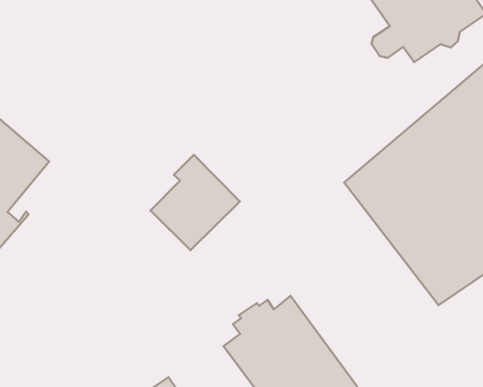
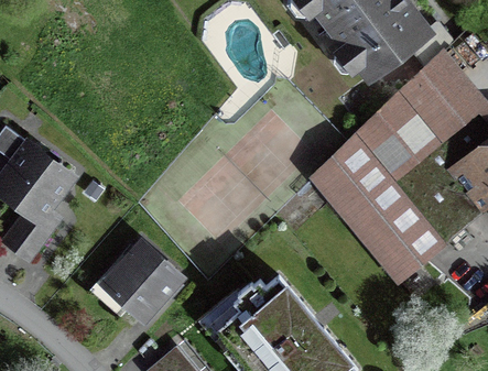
building: [150,155,240,250] -> [107,241,181,320]

